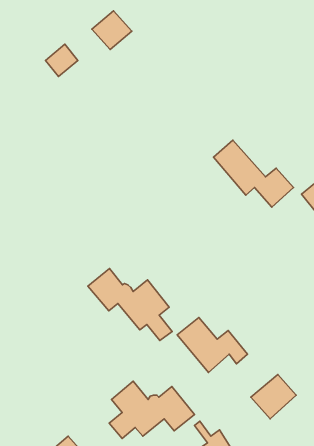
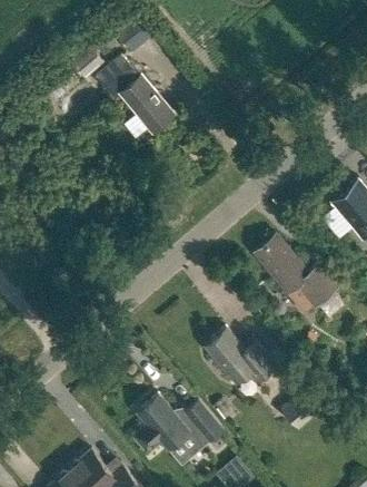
building: none -> [98,60,175,133]
building: [214,140,293,207] -> [256,235,338,304]
building: [88,269,172,341] -> none

